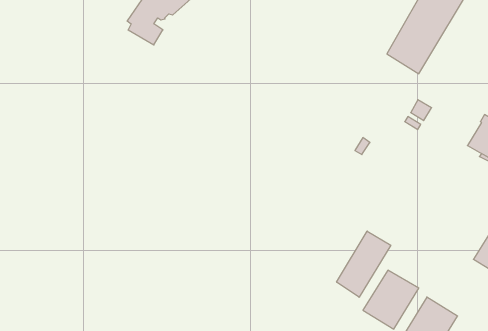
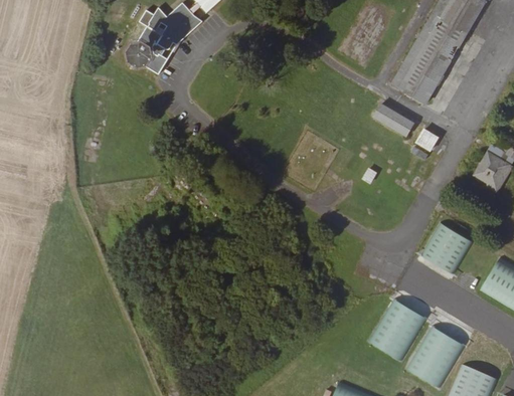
building: none -> [374,103,414,136]
building: none -> [421,224,474,275]
building: [337,231,391,297] -> none

